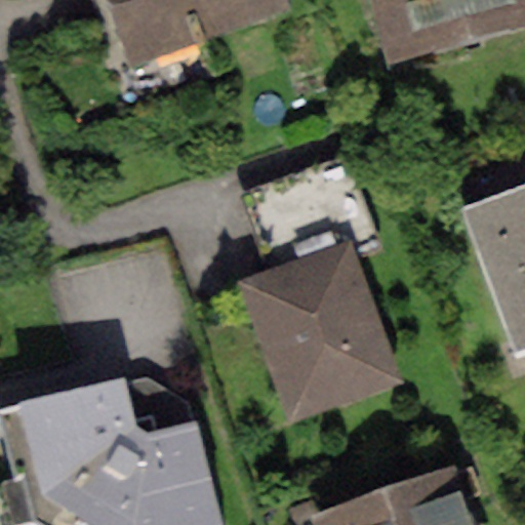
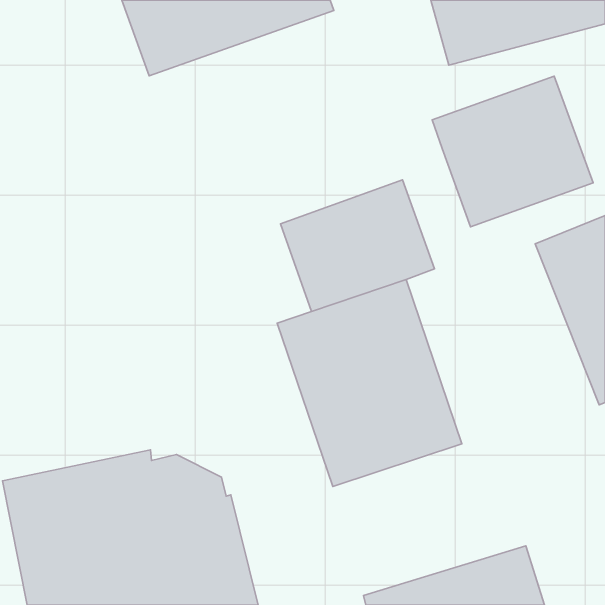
building: none -> [432,76,593,227]

